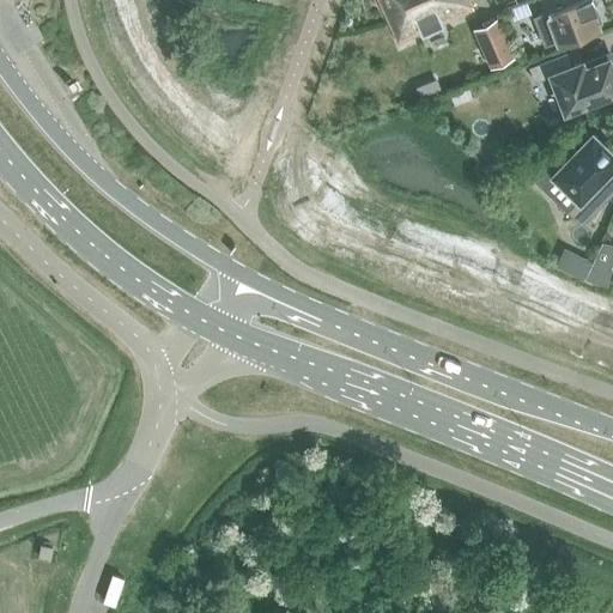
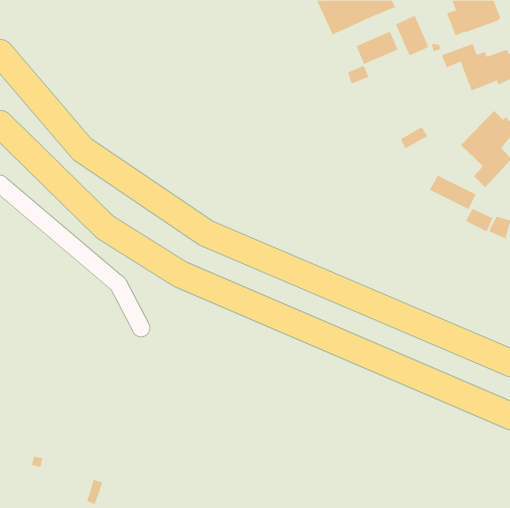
building: none -> [356,31,398,65]
building: none -> [429,175,477,210]

